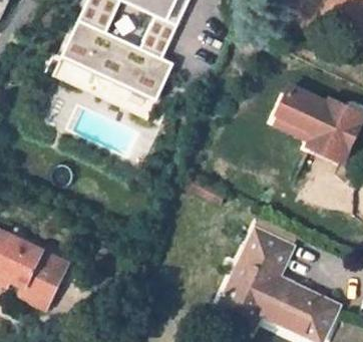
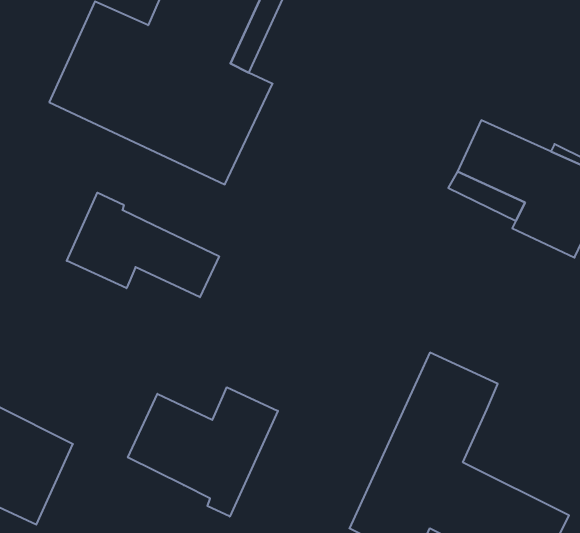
building: none -> [67,193,219,297]
building: none -> [128,387,278,517]

